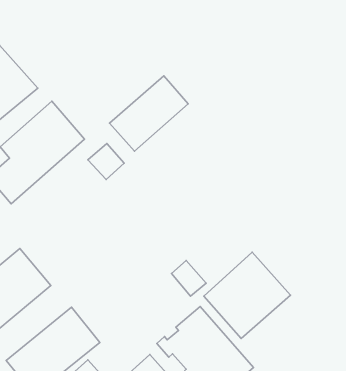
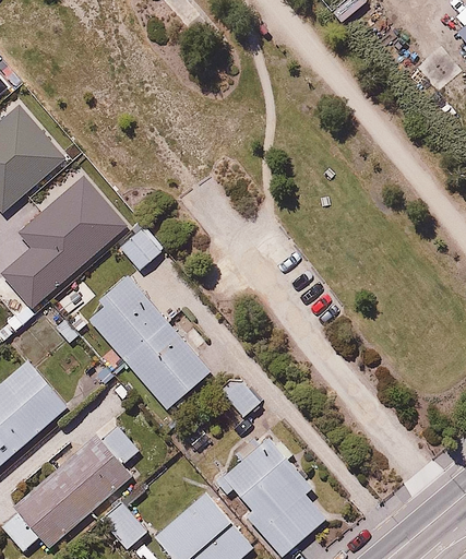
building: [110,76,188,151] -> none
building: none -> [88,277,216,412]
building: [204,252,291,339] -> none

